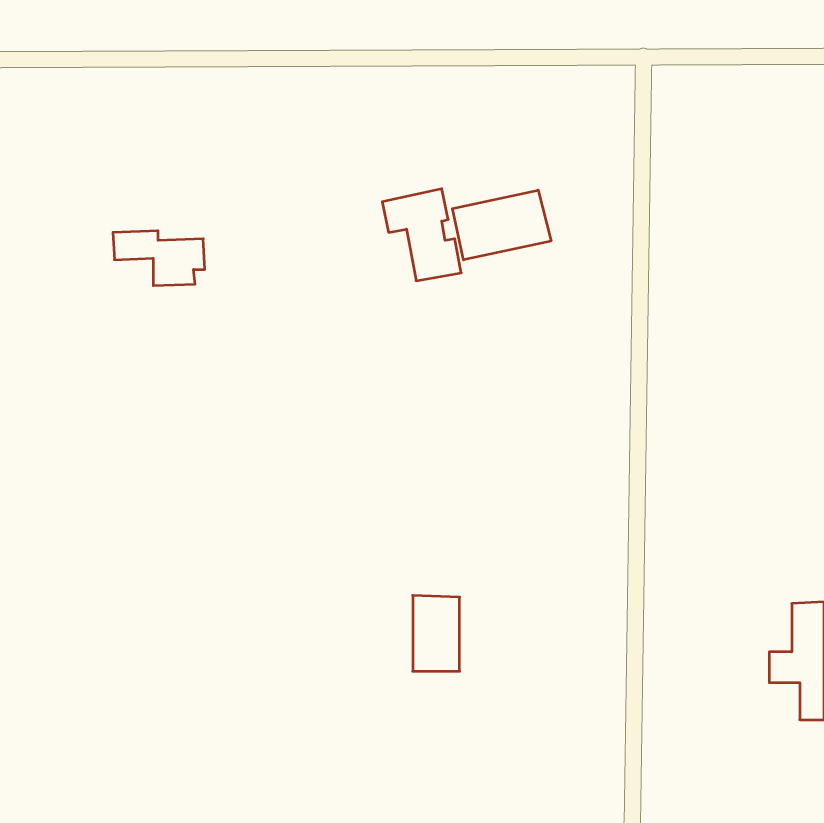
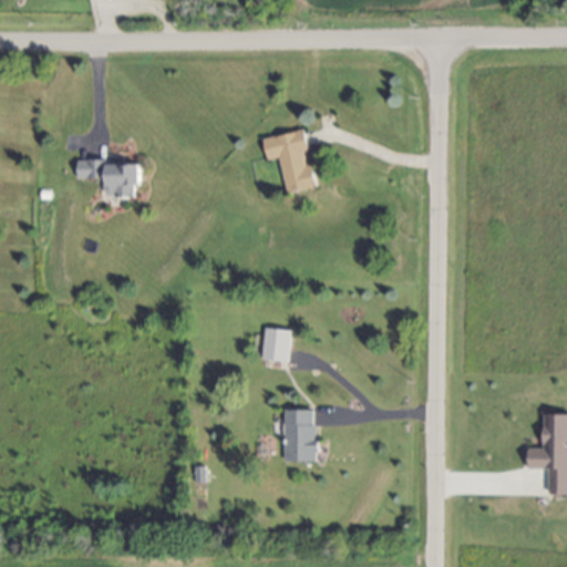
building: [452,190,551,260] -> none
building: none -> [261,328,290,361]

